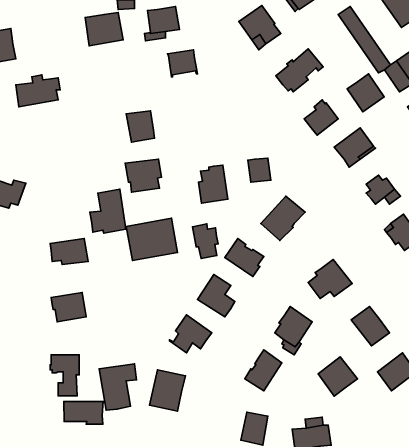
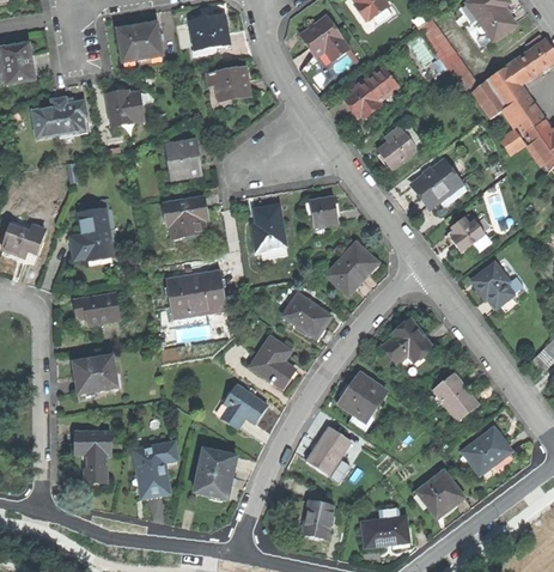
building: none -> [104,87,146,126]
building: [347,74,384,112] -> none
building: [90,189,126,233] -> [69,207,112,260]
building: [192,224,218,258] -> none
building: [318,357,357,396] -> [418,470,464,517]
building: [64,402,103,424] -> none

